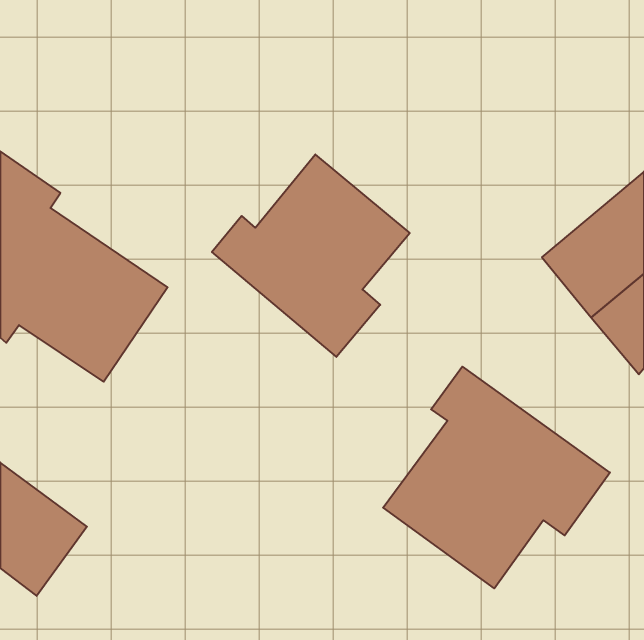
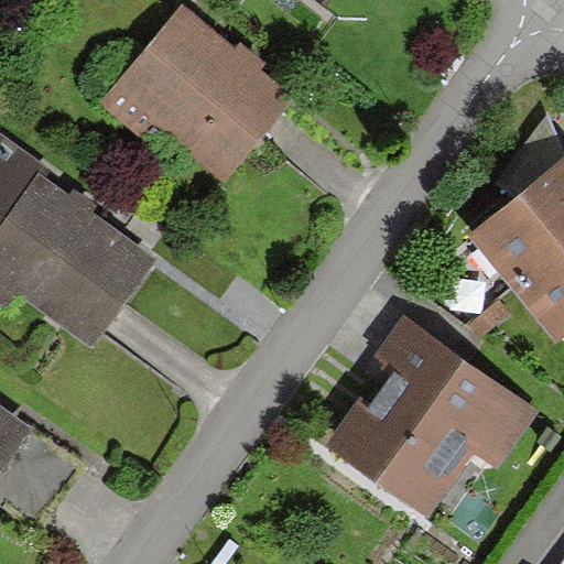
building: none -> [99,12,286,181]
building: [212,154,410,357] -> none

